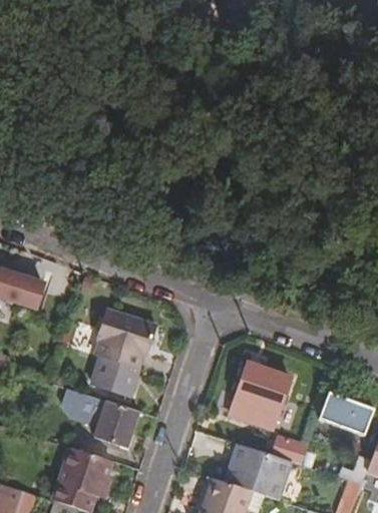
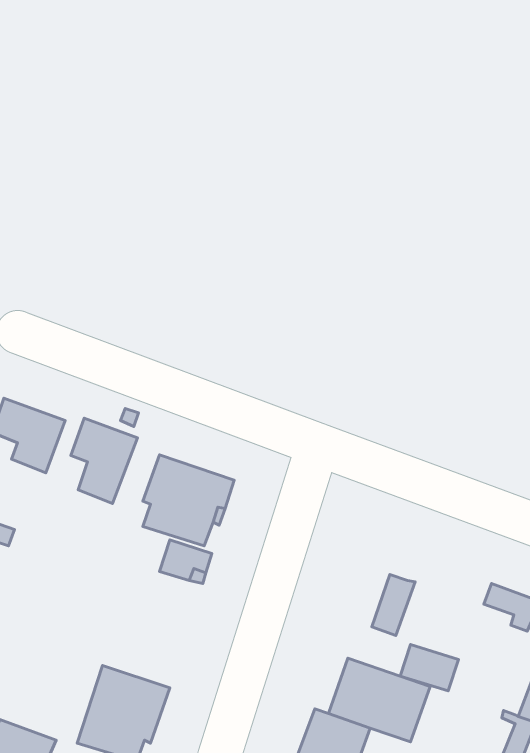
building: none -> [71,418,137,503]
building: [227,359,279,423] -> none
building: [80,396,140,449] -> none

